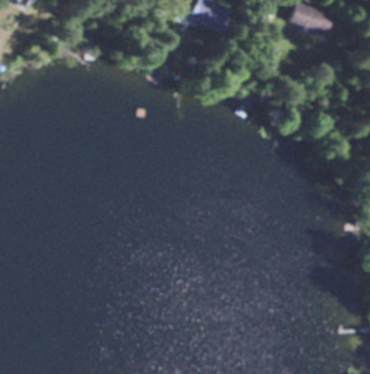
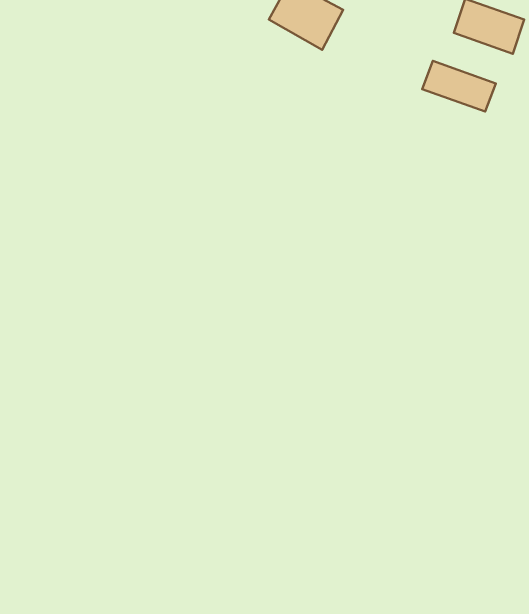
building: none -> [422,61,496,111]

